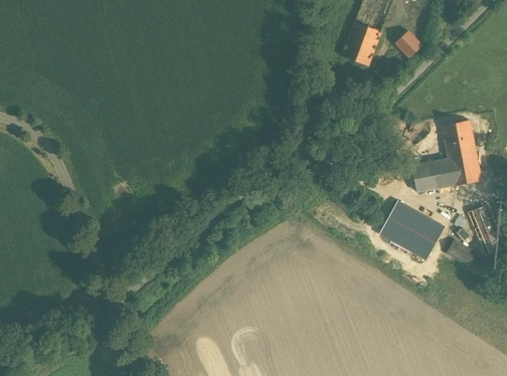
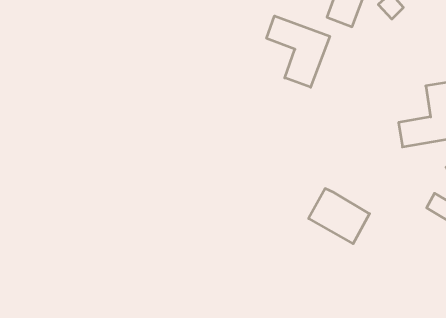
building: none -> [267,16,330,87]
building: [380,199,444,256] -> [309,189,370,244]

